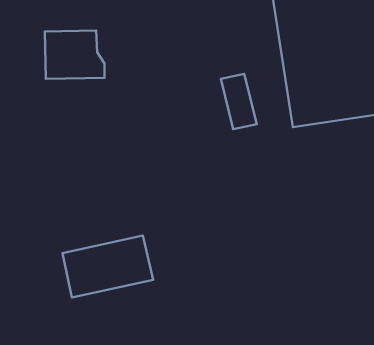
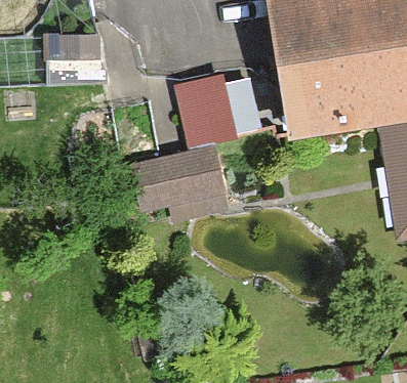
building: [63,236,153,297] -> [132,147,222,209]

